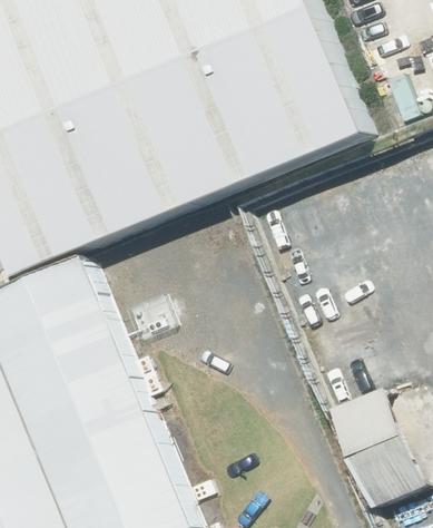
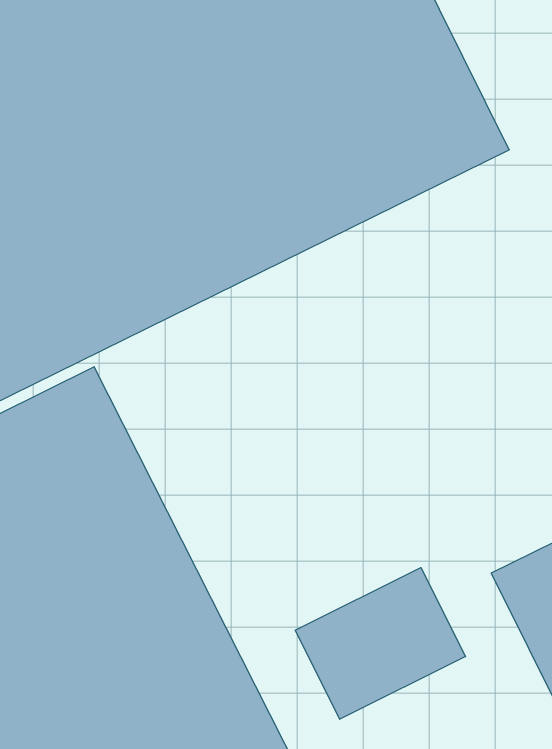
building: none -> [295,568,466,719]

